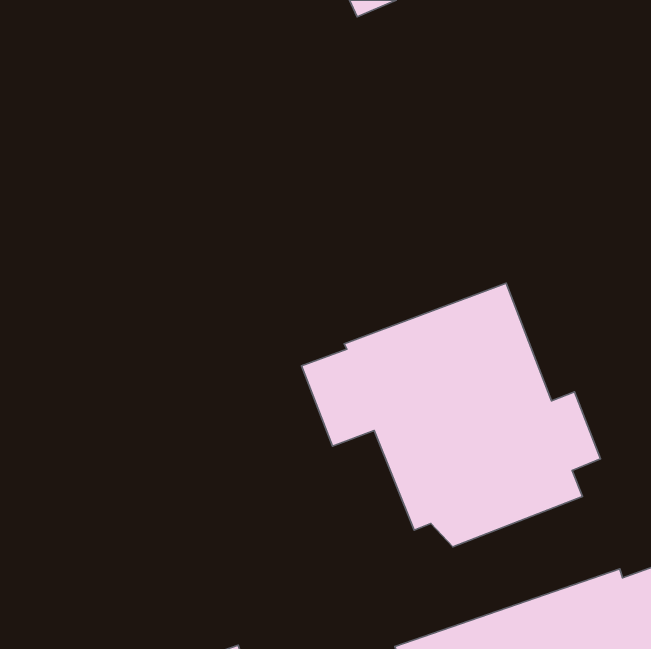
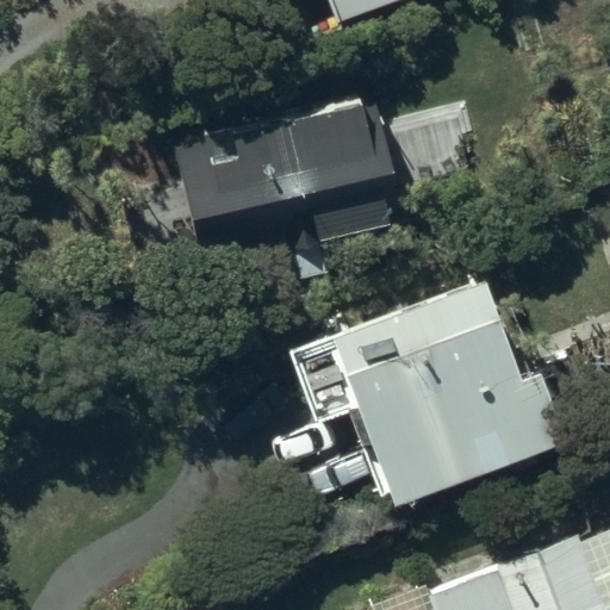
building: none -> [181,98,409,250]

